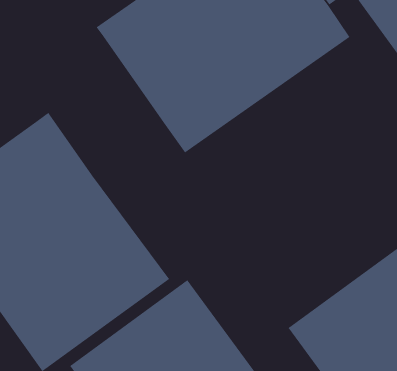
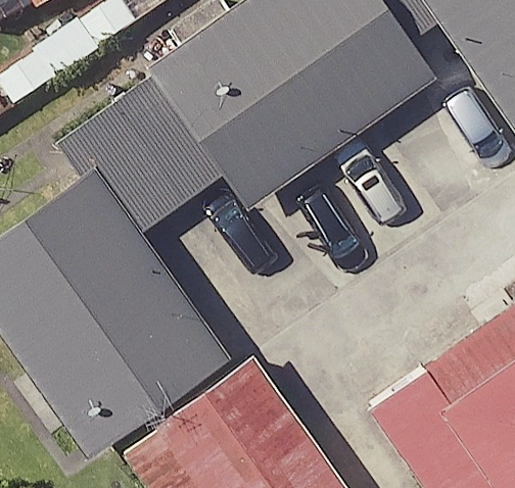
building: none -> [57,76,226,235]

